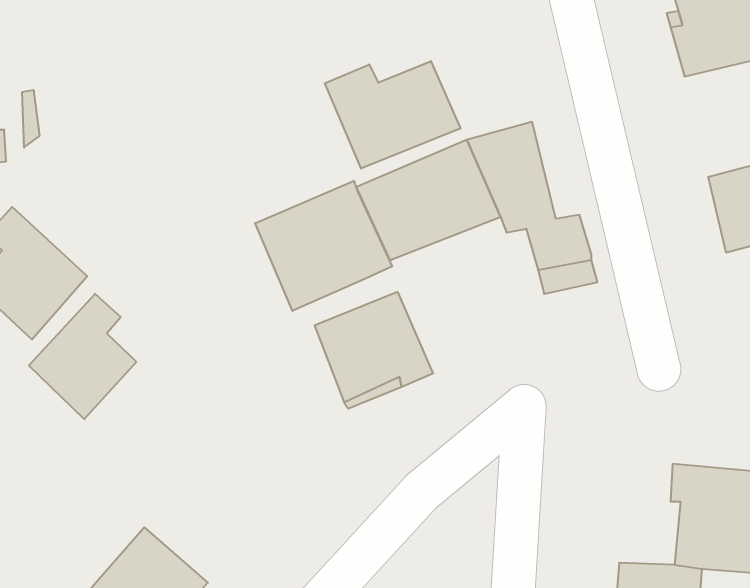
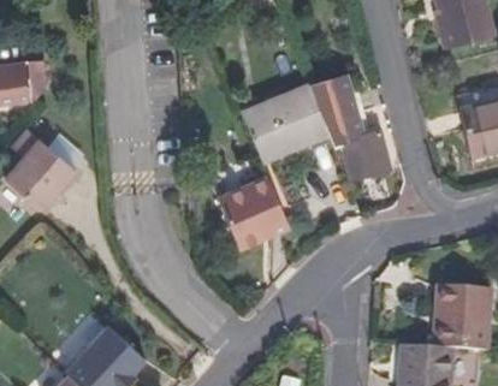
building: [325,61,460,169] -> none
building: [255,181,392,311] -> none
building: [29,294,136,419] -> none

